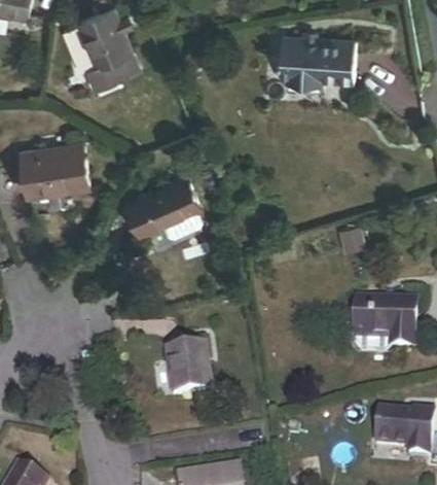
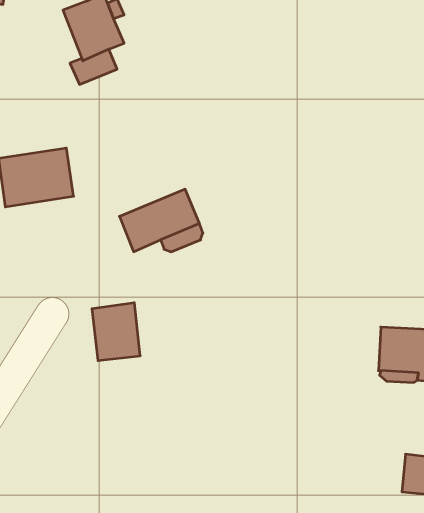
building: [279,36,354,84] -> none
building: [168,344,210,394] -> [92,303,140,361]

